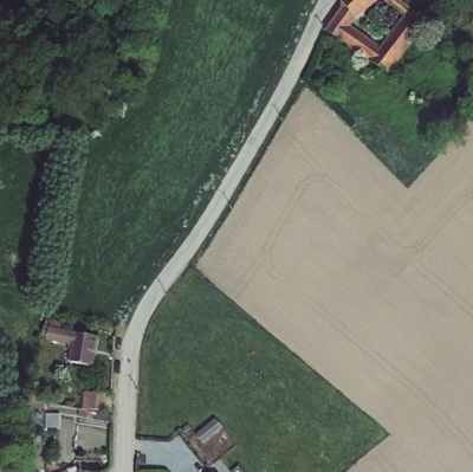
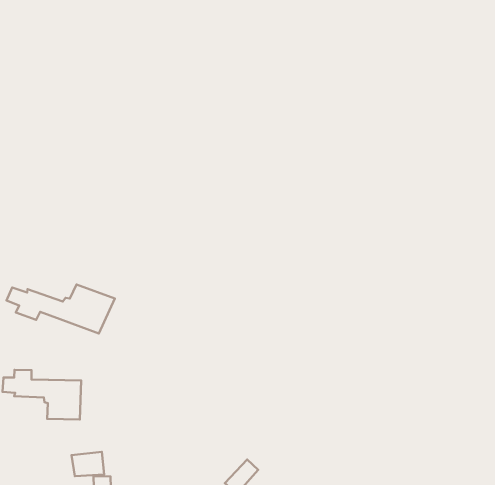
building: none -> [7,284,115,333]

